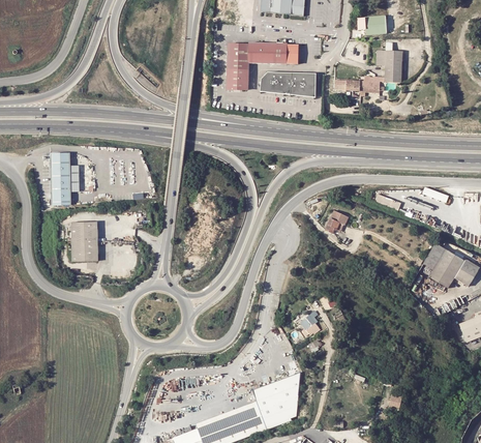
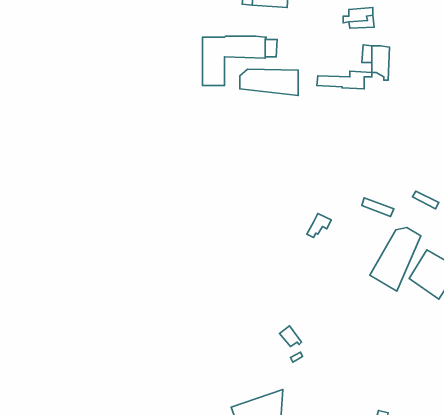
building: [52,153,71,206] -> none
building: none -> [370,227,421,291]
building: [72,222,99,262] -> none

